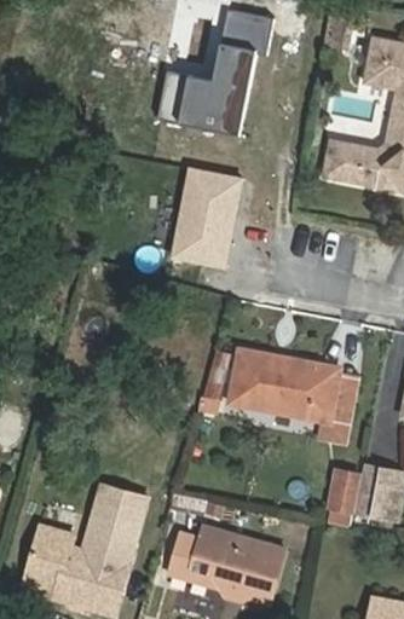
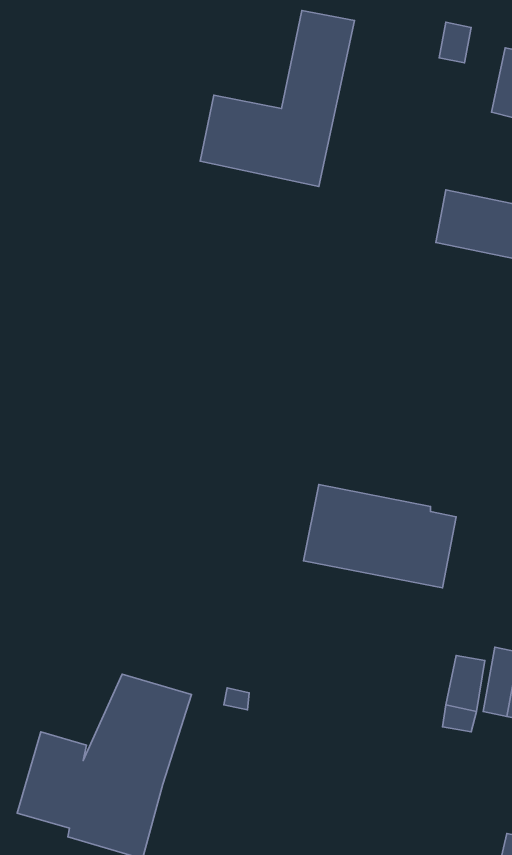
building: [169,166,243,267] -> none
building: [316,371,356,451] -> none
building: [168,525,284,603] -> none

